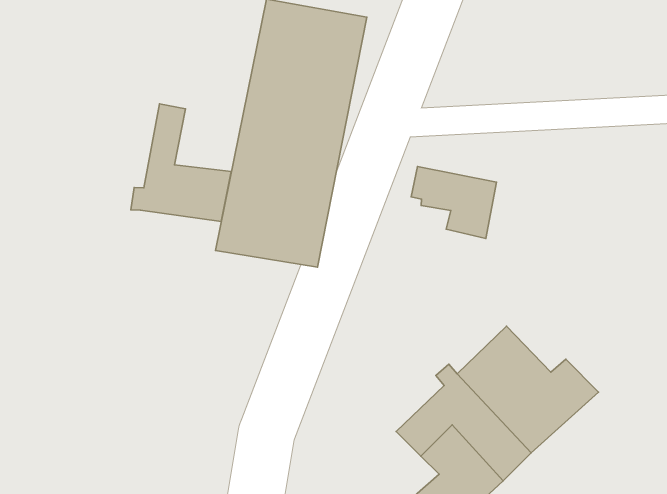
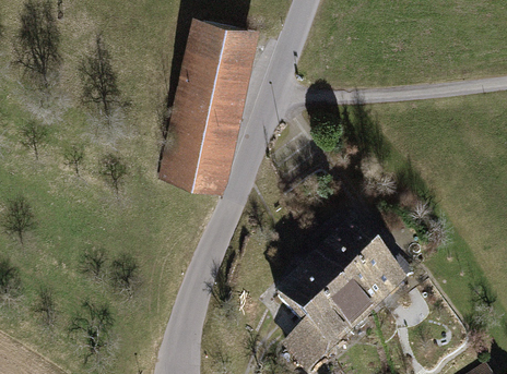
building: [131,104,231,221] -> none
building: [411,167,496,238] -> none

